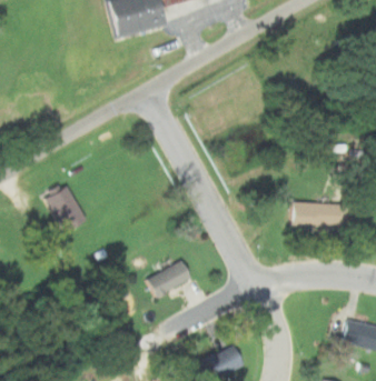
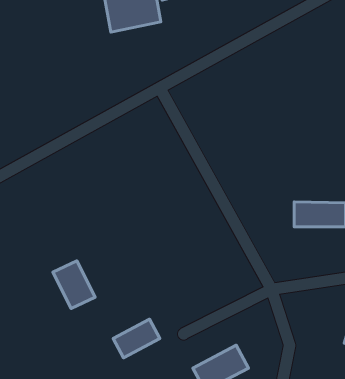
building: [50,184,91,231] -> [53,261,95,309]
building: [145,259,190,297] -> [113,319,160,358]

